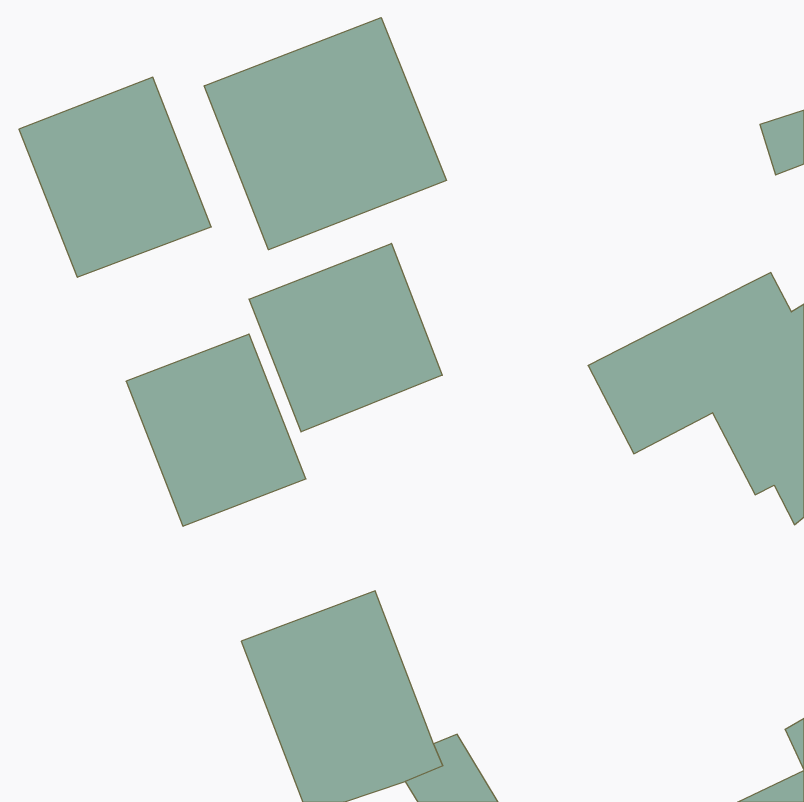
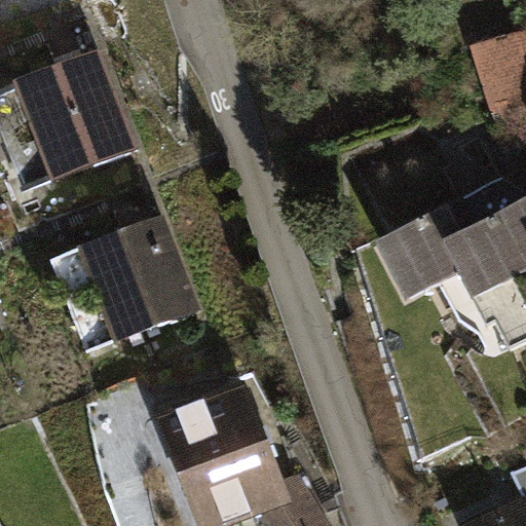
building: [204,18,447,250] -> none
building: [249,243,442,432] -> none

